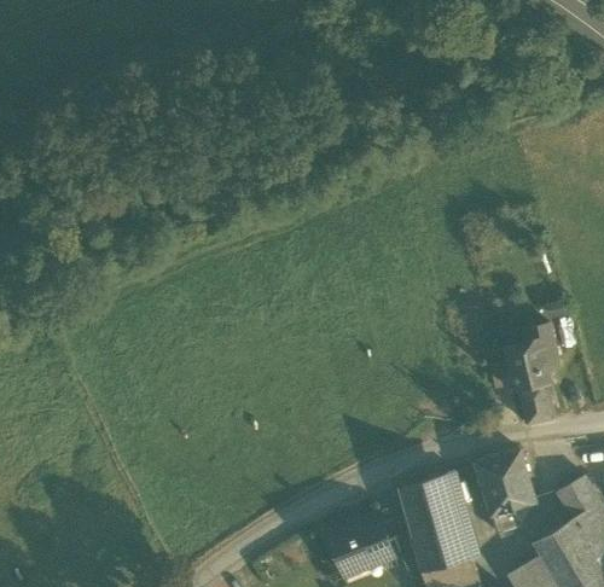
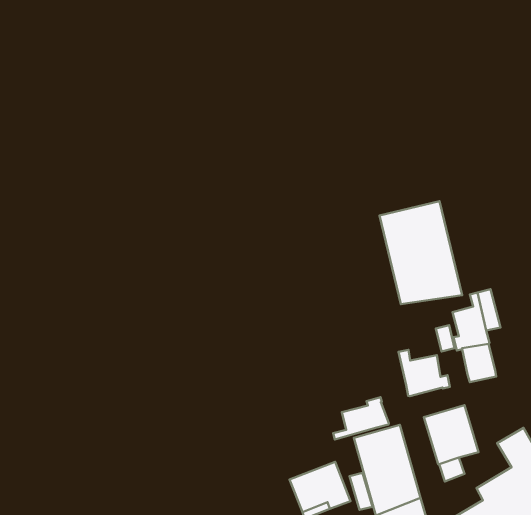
building: none -> [379,201,462,304]
building: none -> [398,350,450,396]
building: none -> [333,397,389,440]

